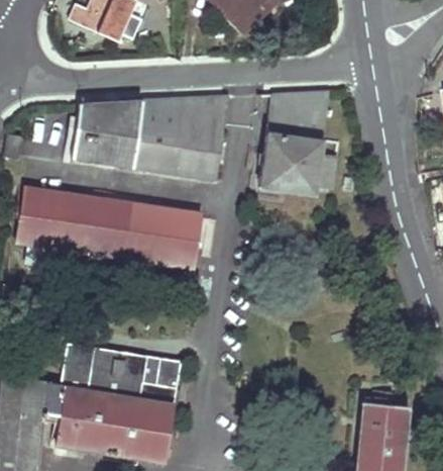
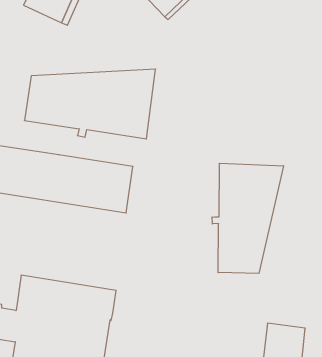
building: [259,90,338,194] -> none
building: none -> [212,163,284,273]

